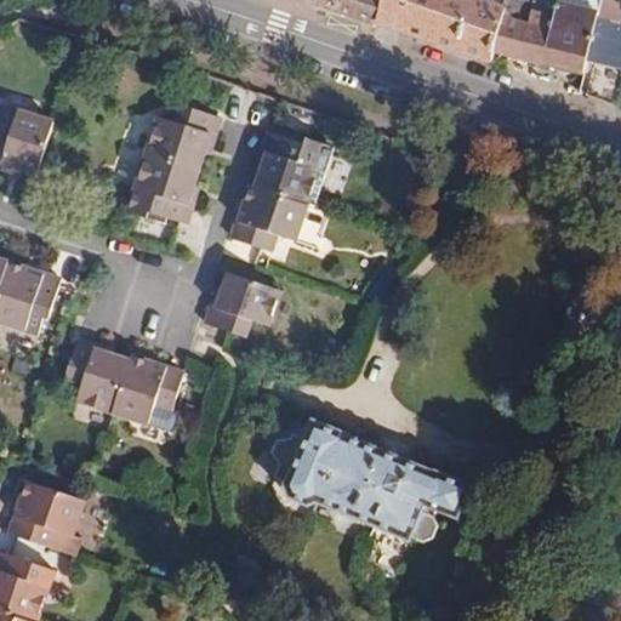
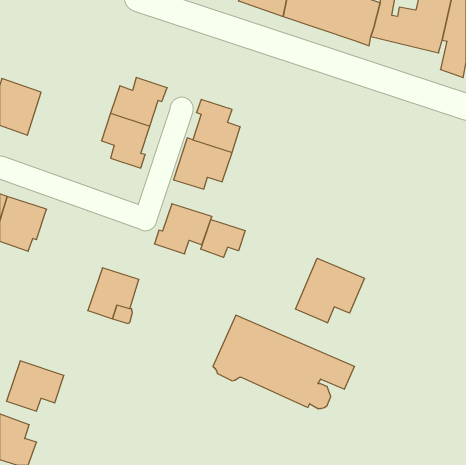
building: none -> [201,219,245,257]
building: [64,336,136,412] -> none
building: none -> [295,258,364,323]

